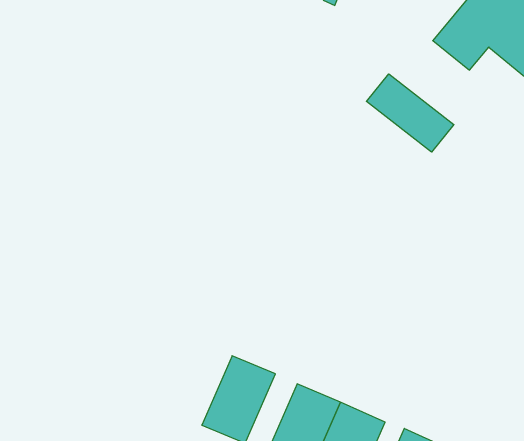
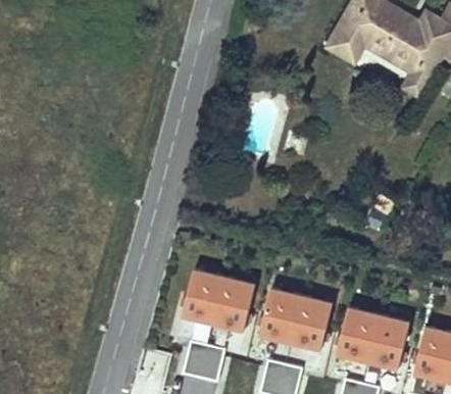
building: [366,74,454,152] -> none
building: none -> [183,269,226,327]

